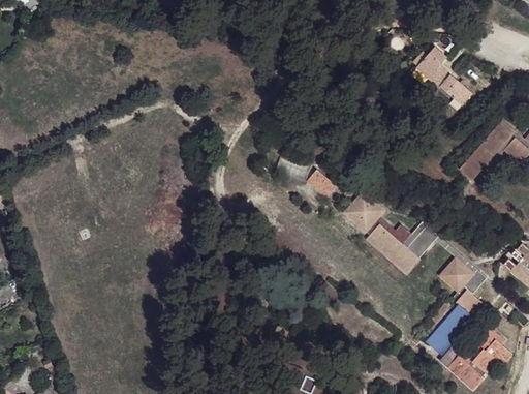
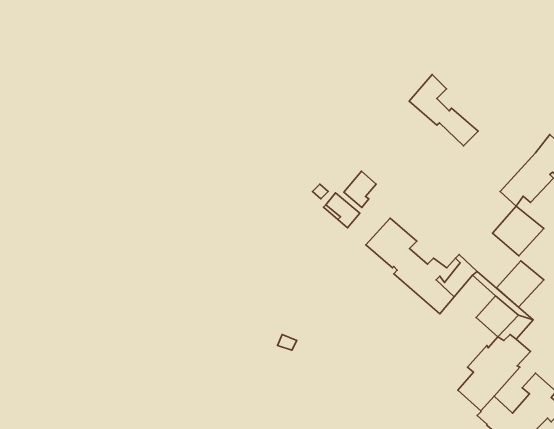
building: [416,51,475,112] -> [409,74,478,146]
building: none -> [344,171,376,208]
building: none -> [493,206,544,256]
building: none -> [497,261,544,307]

